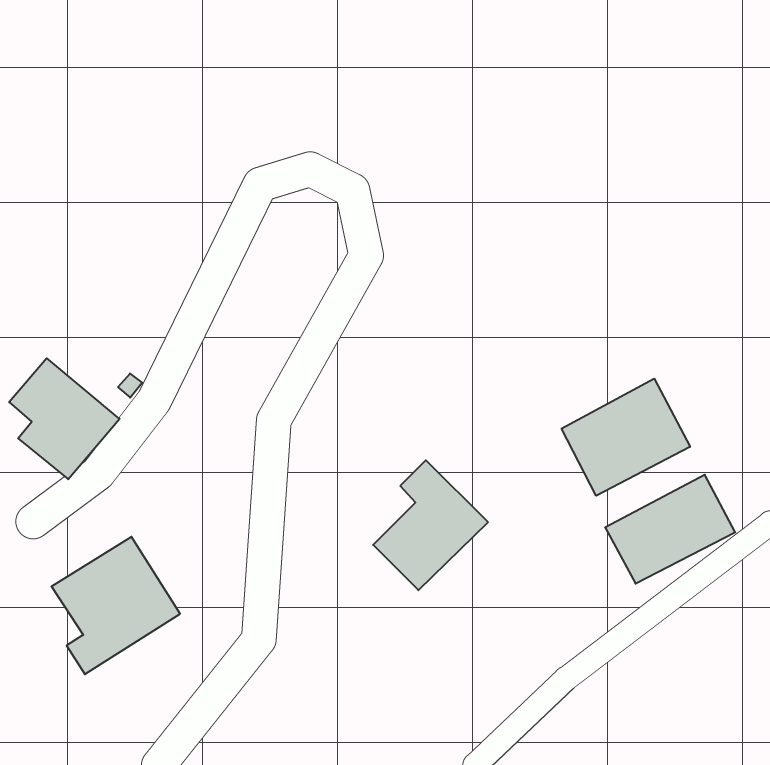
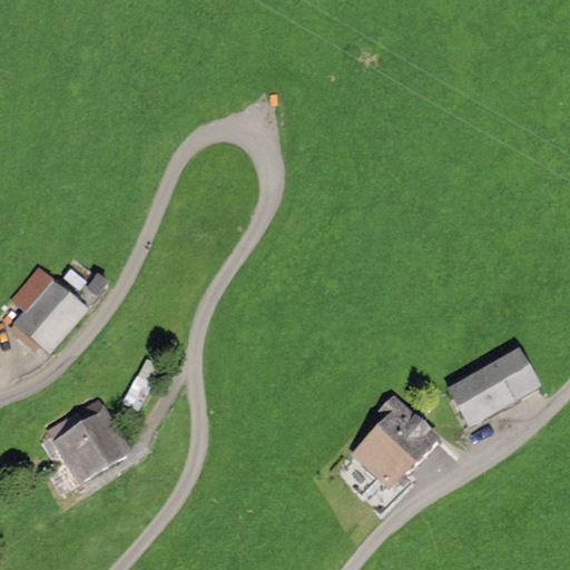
building: [562,379,690,496] -> none
building: [373,460,488,590] -> [354,390,439,485]

